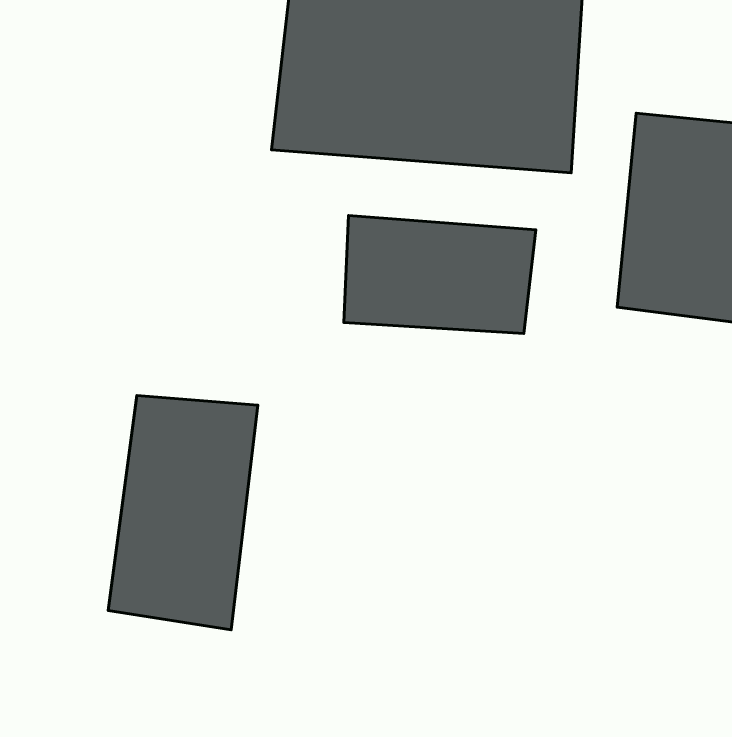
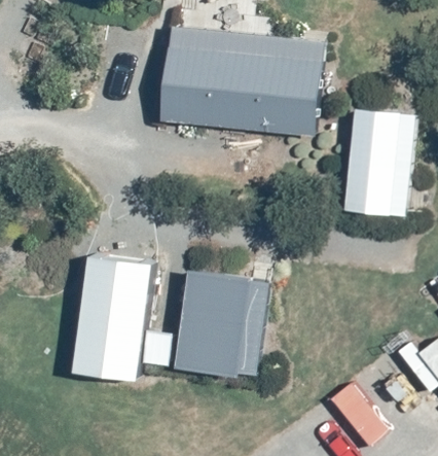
building: [344,215,536,334] -> none
building: none -> [172,269,270,381]

